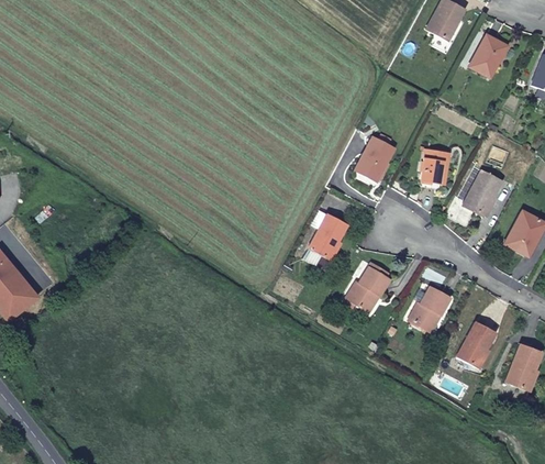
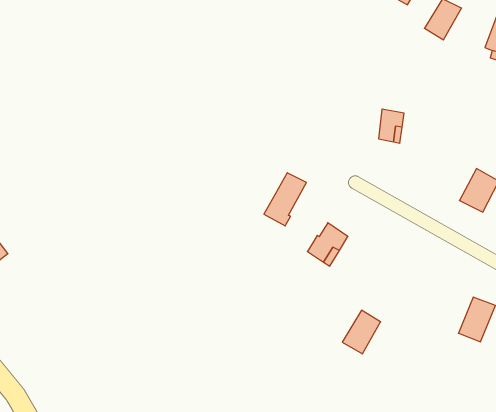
building: [355,136,394,180] -> none
building: [463,169,501,214] -> none
building: [410,286,449,331] -> [342,310,381,354]
building: [457,322,496,366] -> none

